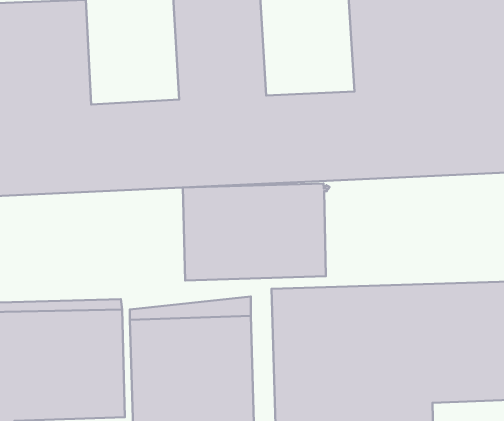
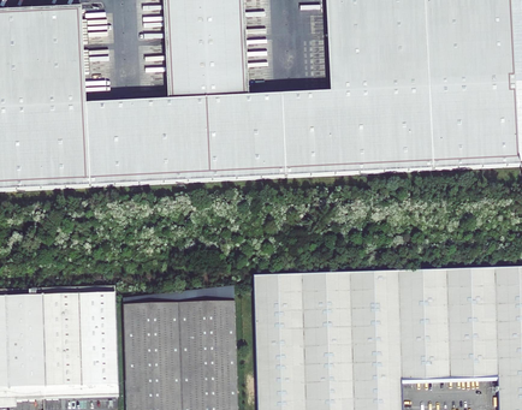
building: [183,183,329,280] -> none

